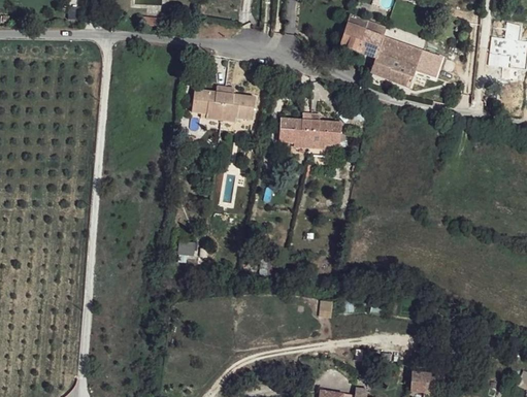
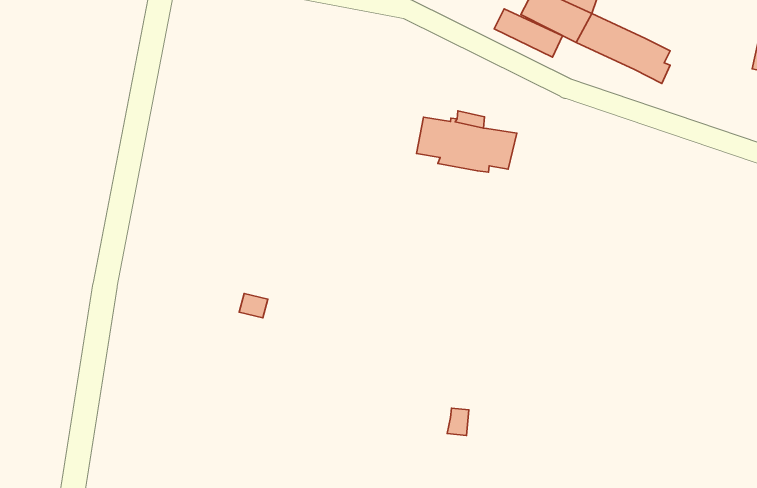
building: [370,59,415,87] -> [494,9,563,57]
building: [193,87,256,121] -> none

